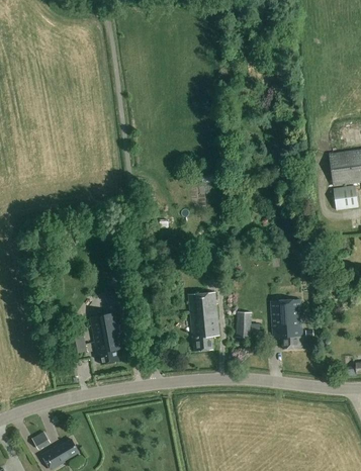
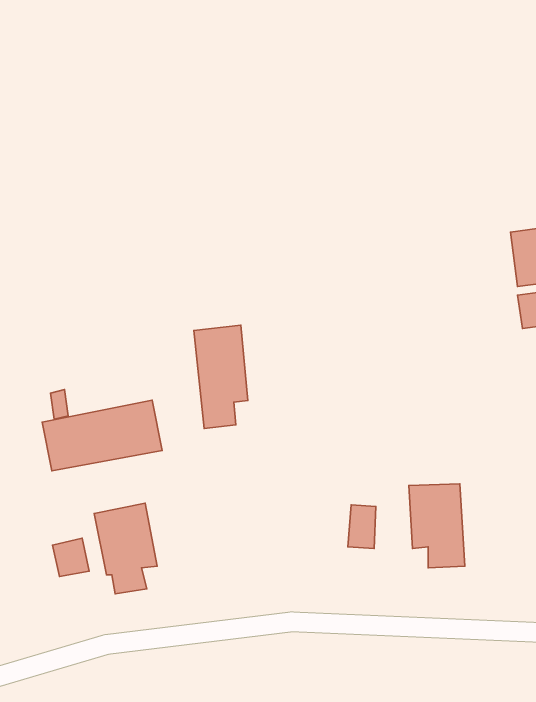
building: none -> [42,400,162,471]
building: [187,292,218,352] -> [194,325,248,428]

